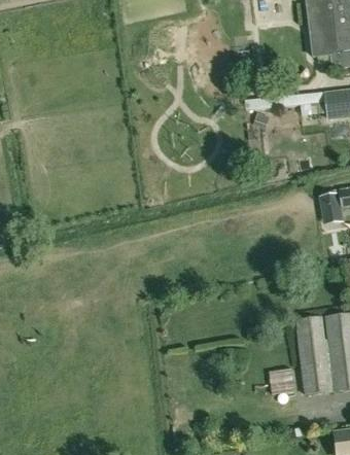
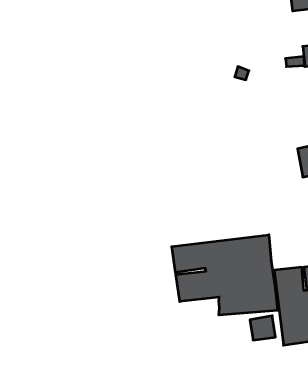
building: none -> [172,235,277,315]

